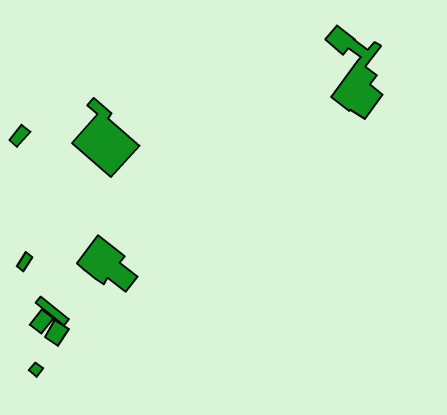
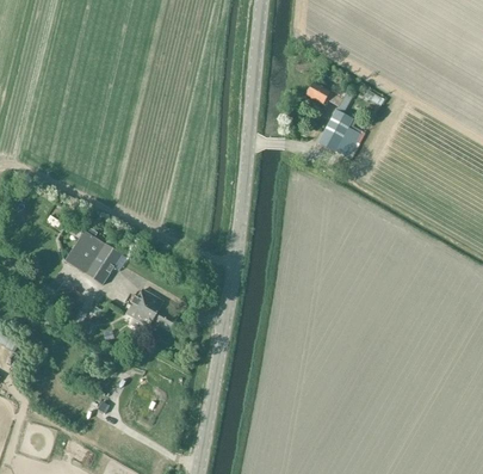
building: [72,98,140,177] -> [66,220,123,284]

